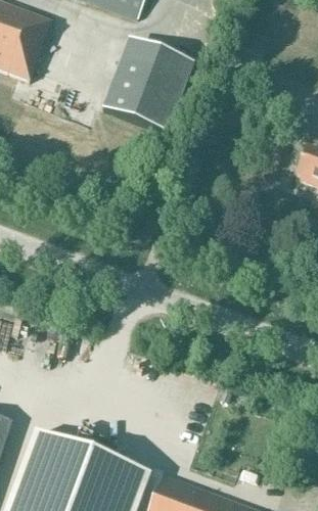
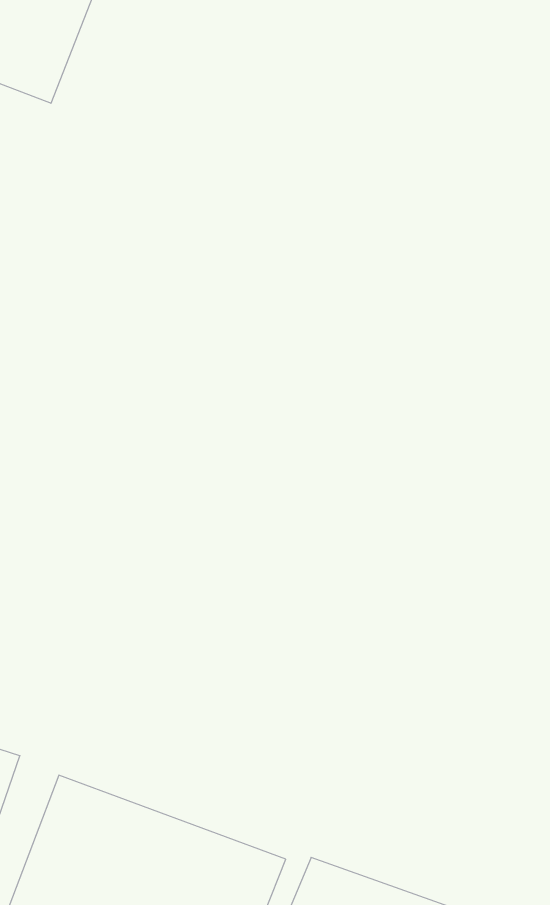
building: [100,44,192,136] -> none

